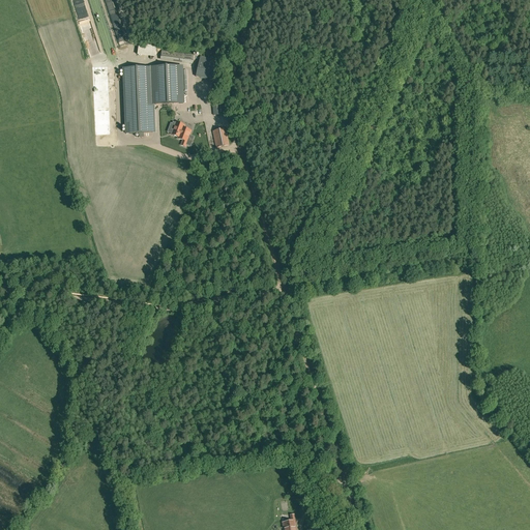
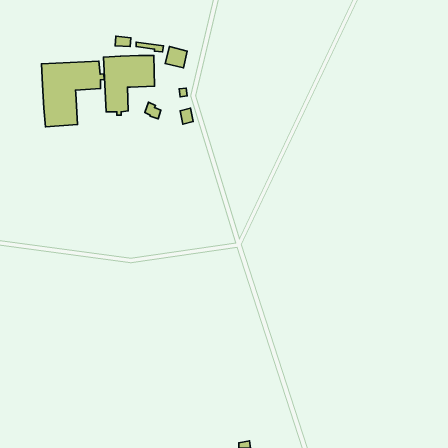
building: none -> [42,61,104,127]

